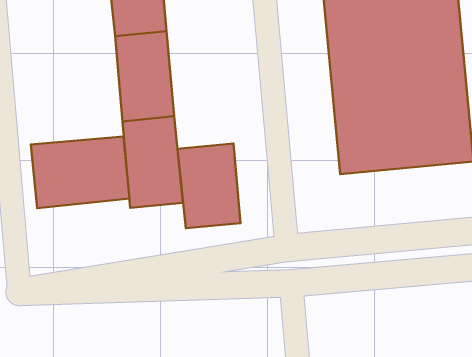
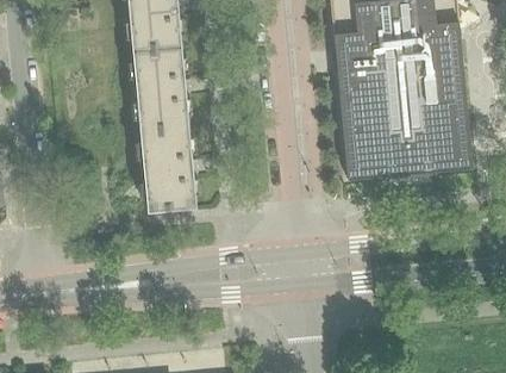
building: [31,136,129,208] -> none
building: [177,144,240,228] -> none

